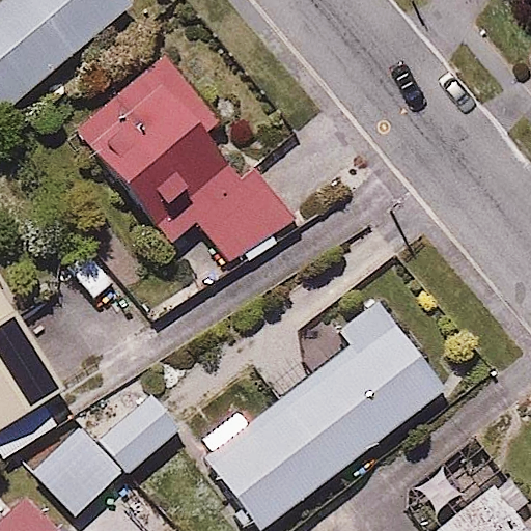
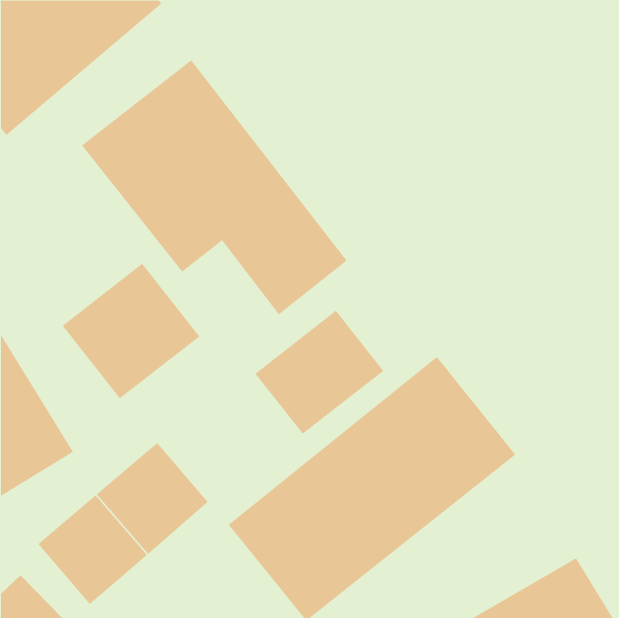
building: none -> [62,263,200,399]
building: none -> [255,310,384,435]

